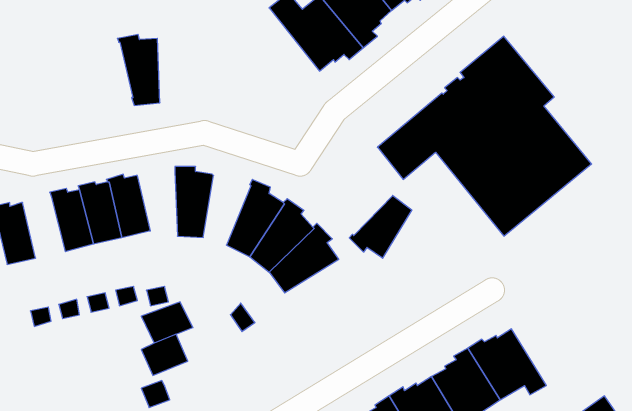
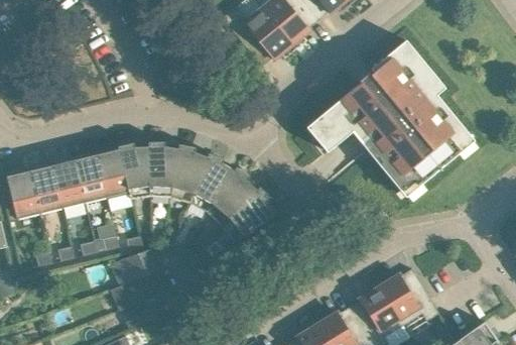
building: [117,34,160,105] -> [117,142,150,198]
building: none -> [170,143,208,203]
building: [349,195,412,258] -> none
building: none -> [28,164,62,213]

